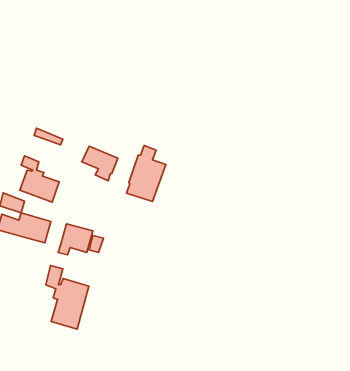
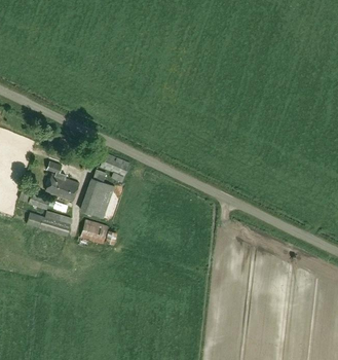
building: [126,146,166,202] -> [80,170,114,218]
building: [46,265,89,329] -> none

